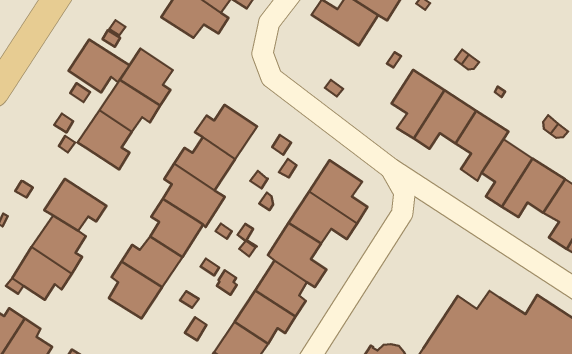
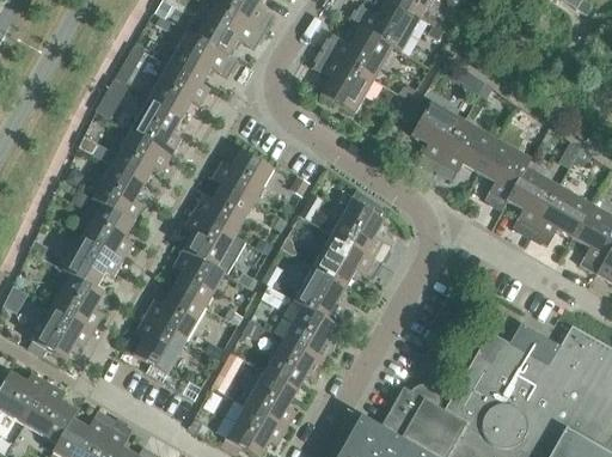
building: none -> [312,50,373,114]
building: [69,40,129,93] -> [149,62,212,116]
building: none -> [80,201,135,260]

